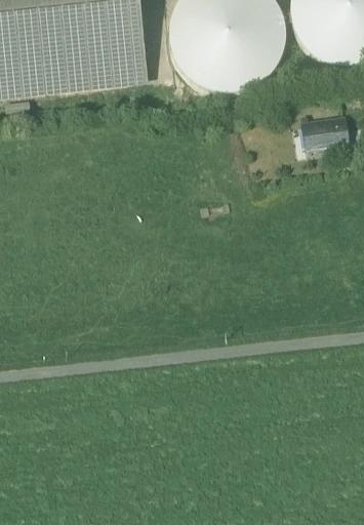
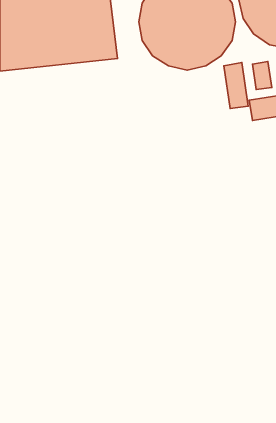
building: none -> [253,61,272,90]
building: none -> [224,62,248,108]

